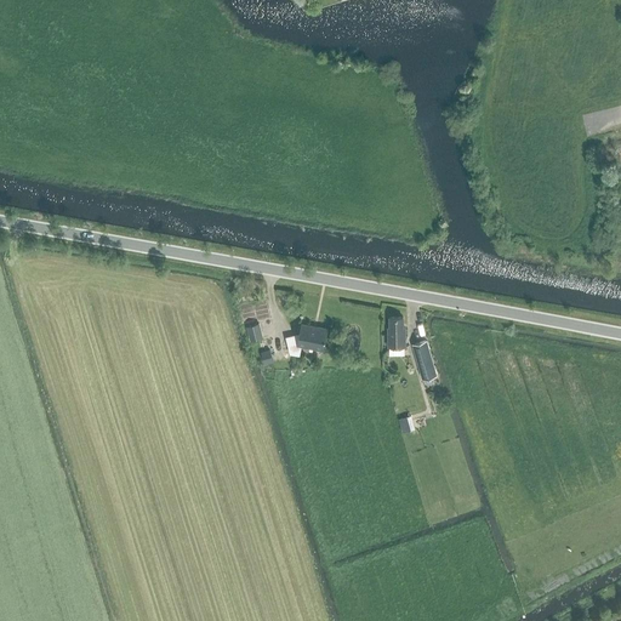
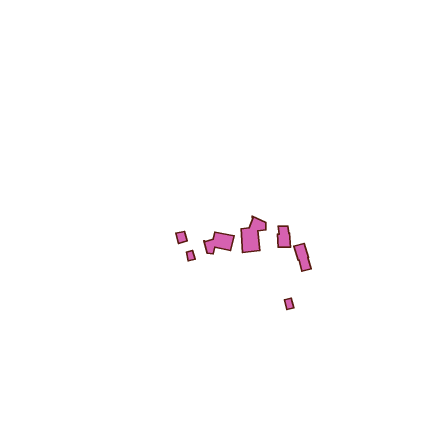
building: none -> [241,216,266,253]

